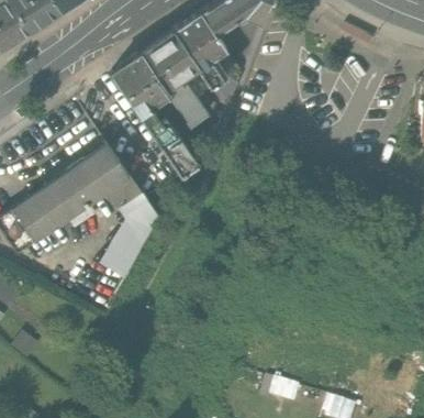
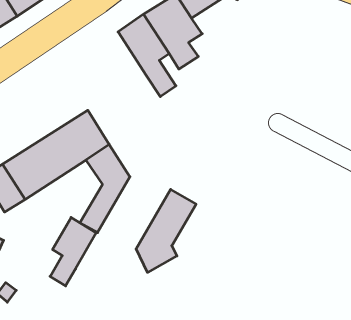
building: [110,52,198,174] -> none
building: none -> [136,189,196,272]
building: none -> [50,217,96,286]

